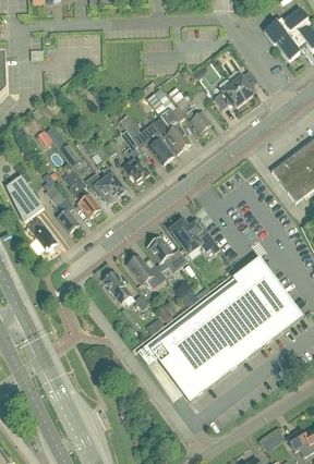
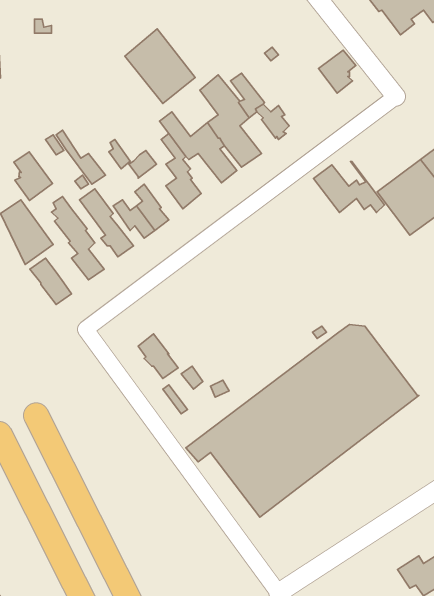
building: none -> [125,29,195,104]
building: [213,83,243,108] -> none
building: none -> [14,152,53,201]
building: [169,217,219,253] -> [313,162,384,213]
building: [147,236,186,270] -> none
building: [126,254,165,288] -> none

